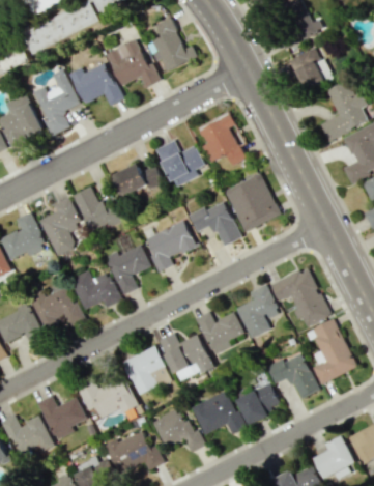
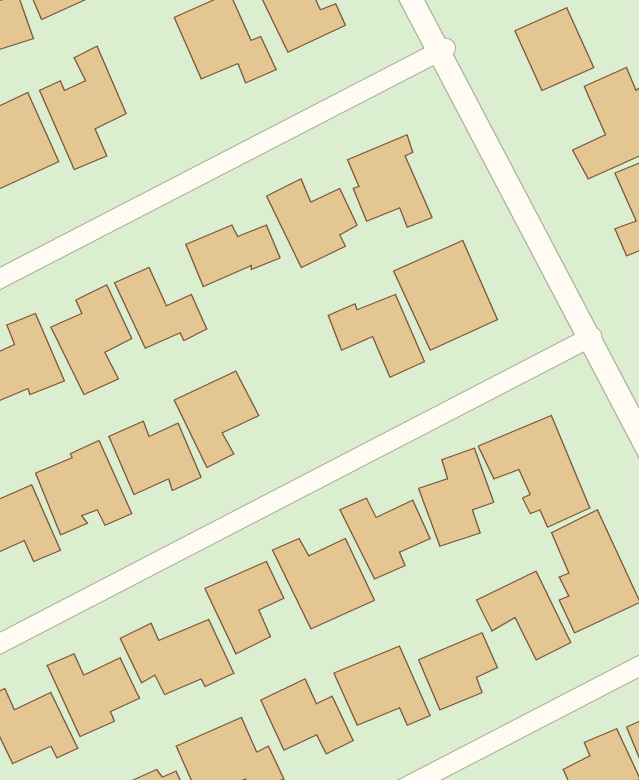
building: [70,62,122,106] -> none
building: [146,222,195,273] -> none

